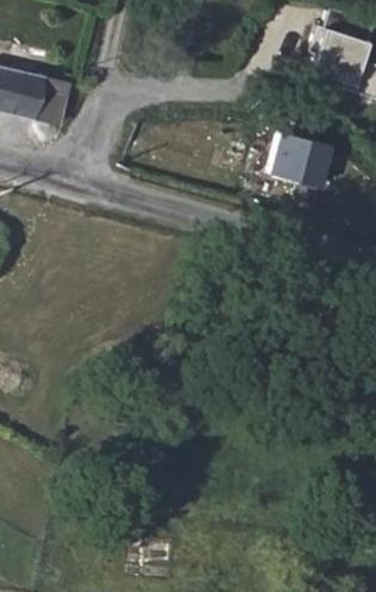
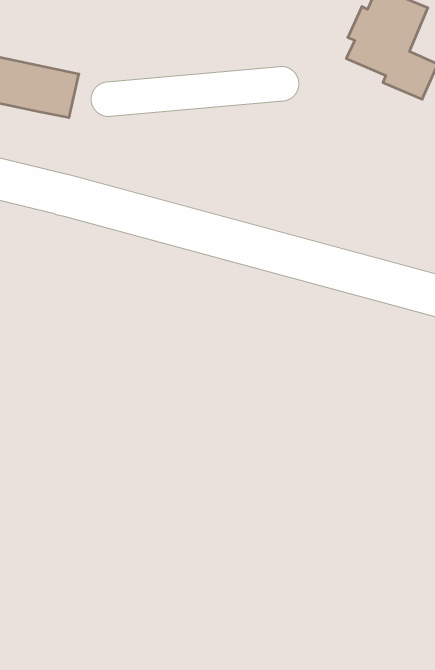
building: [264,127,327,188] -> none

